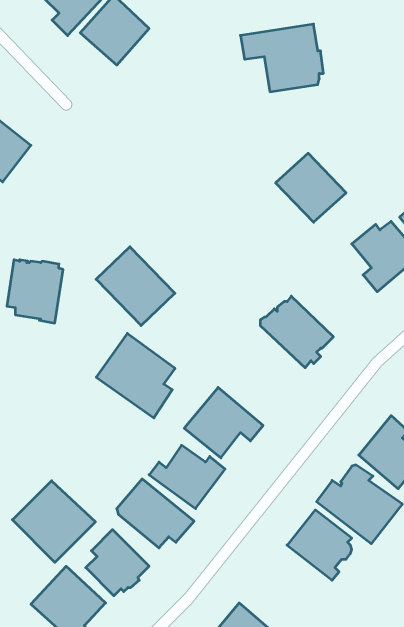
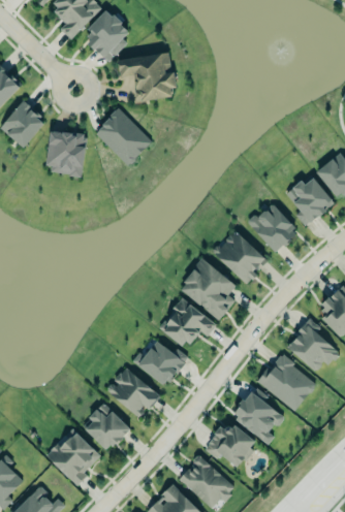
building: [240,24,323,92] -> [116,52,177,101]
building: [276,153,346,222] -> [247,202,299,253]
building: [96,247,175,326] -> [93,108,151,166]
building: [7,260,63,323] -> [45,130,87,177]
building: [96,333,175,418] -> [178,258,236,320]
building: [12,481,95,562] -> none
building: none -> [207,424,255,466]

